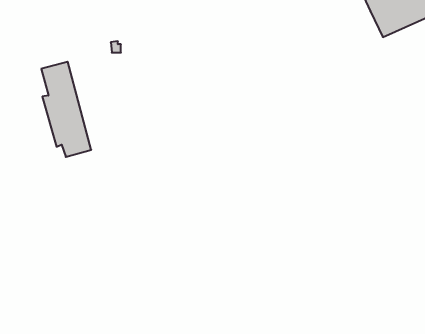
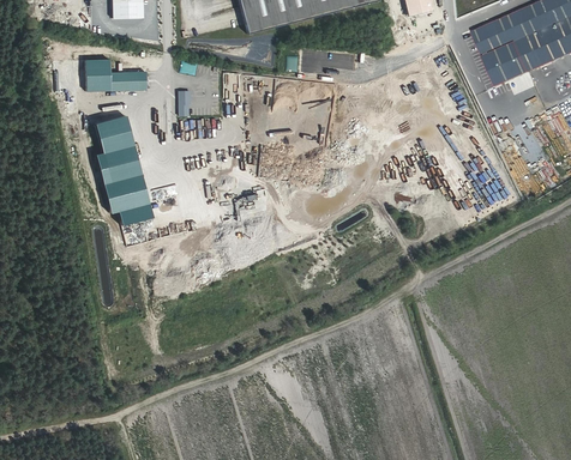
building: none -> [86,60,145,92]

